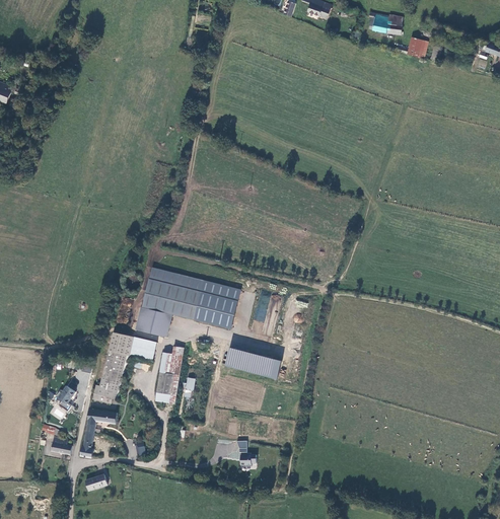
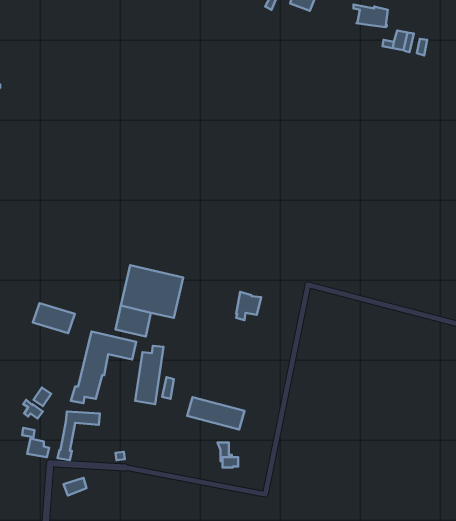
building: [193,279,240,326] -> none
building: none -> [33,303,75,333]
building: [225,347,281,378] -> [187,397,244,429]

